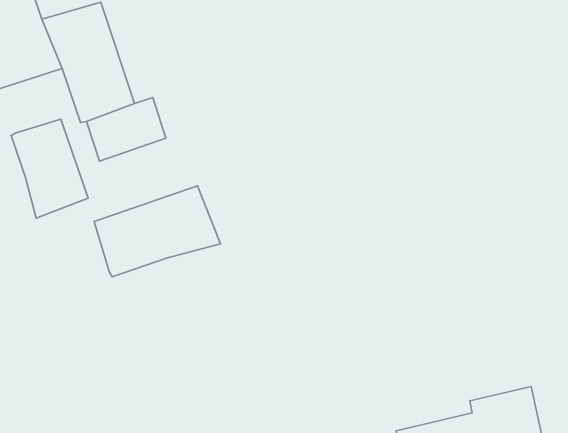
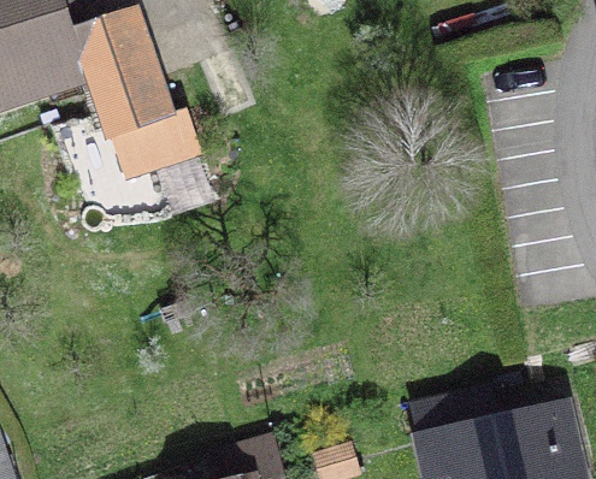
building: [11,119,88,218] -> none
building: [94,186,220,277] -> none

